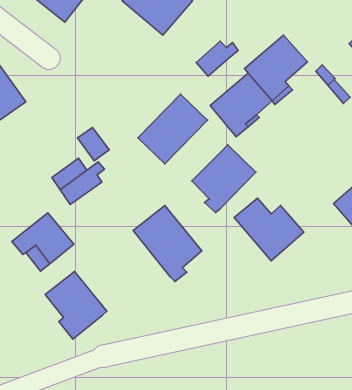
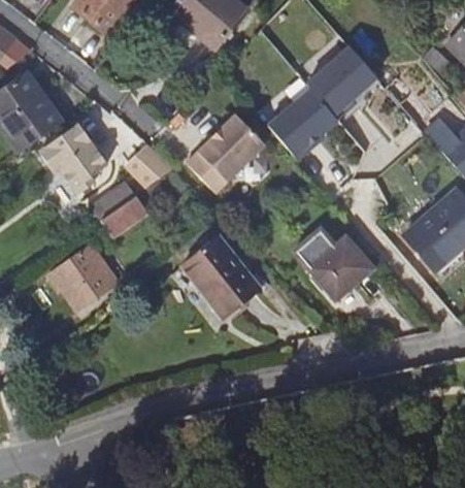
building: [196,41,238,76] -> none
building: none -> [41,124,106,186]
building: [192,145,256,213] -> none
building: [45,272,107,339] -> none

